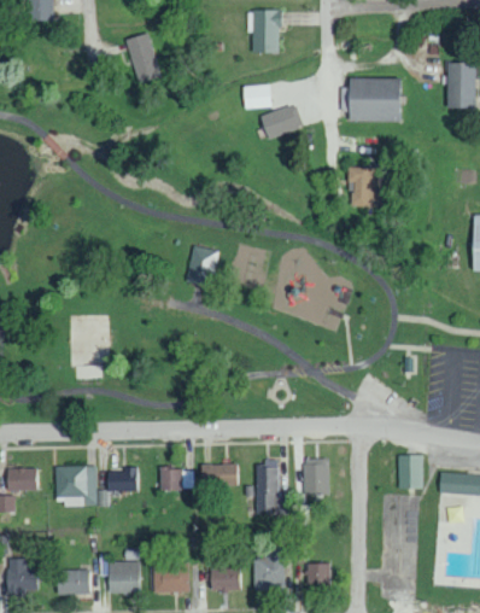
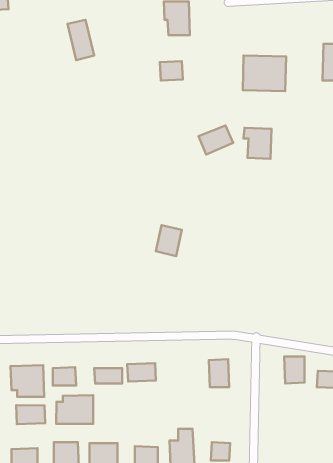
building: [259,105,303,141] -> [199,125,233,154]
building: [187,246,219,285] -> [156,225,182,256]
building: [256,462,289,513] -> none
building: none -> [56,395,93,424]
building: none -> [16,405,45,424]

